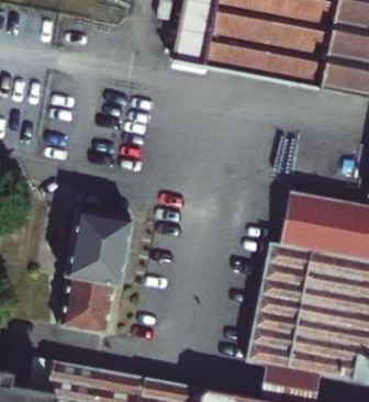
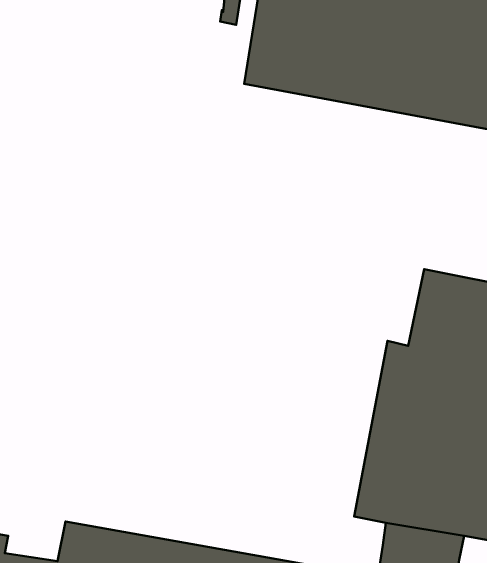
building: [56,200,135,330] -> none

